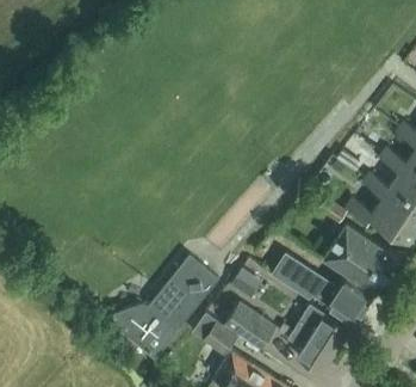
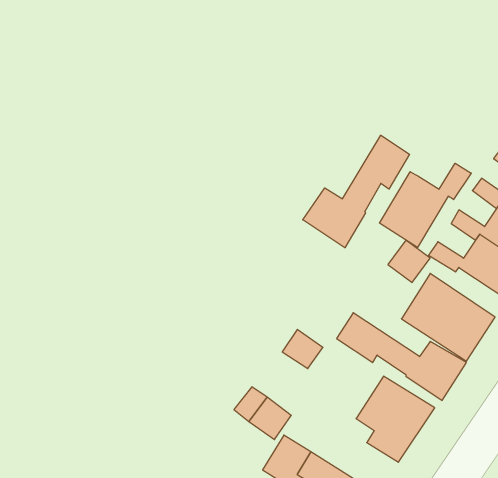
building: none -> [303,135,409,248]
building: none -> [379,163,471,248]
building: [108,256,217,348] -> none
building: [223,302,274,349] -> none

